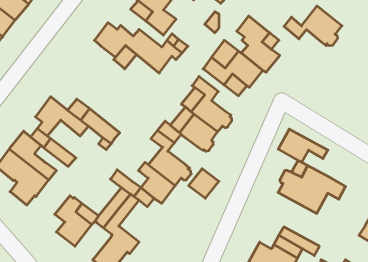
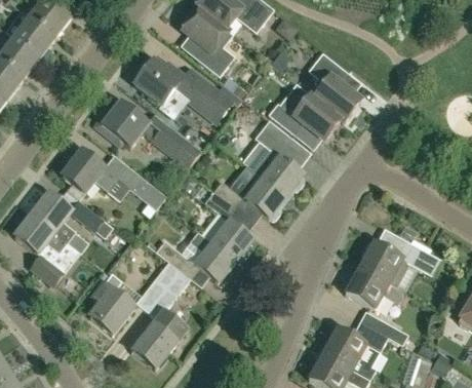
building: [284,6,342,46] -> none
building: none -> [95,101,202,167]
building: none -> [263,118,311,169]
building: [278,129,328,162] -> [346,268,406,308]
building: [189,169,219,198] -> [225,197,262,233]

